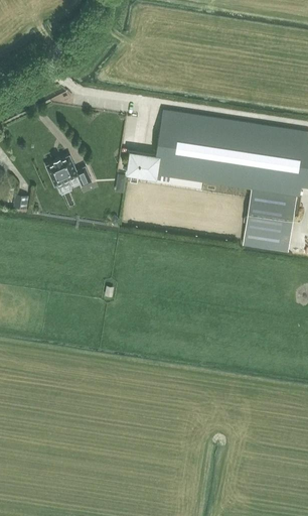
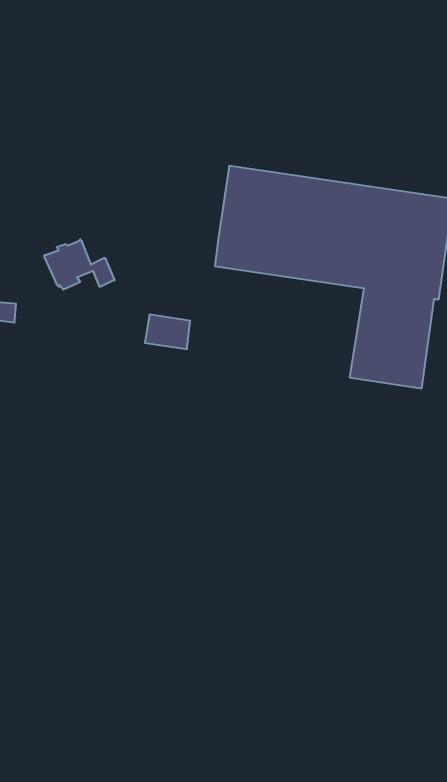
building: [128,153,157,175] -> [145,315,190,349]

